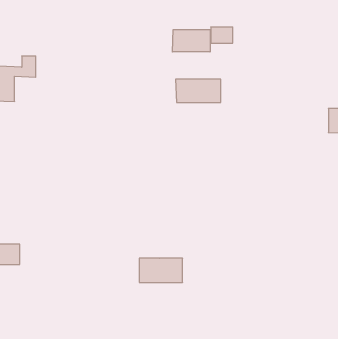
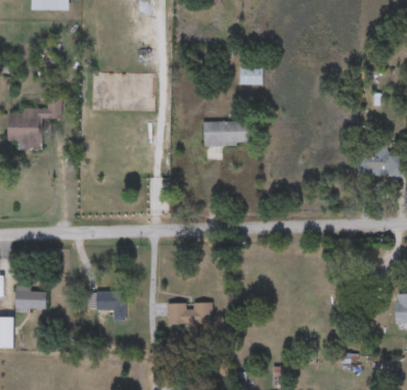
building: [172,30,210,52] -> none
building: none -> [87,292,125,322]

